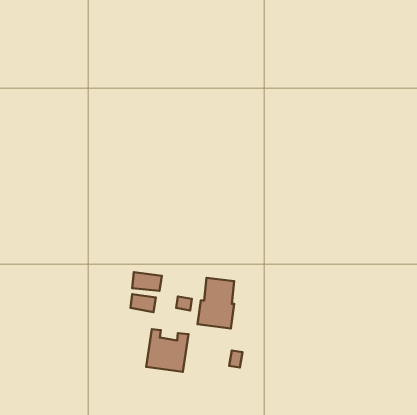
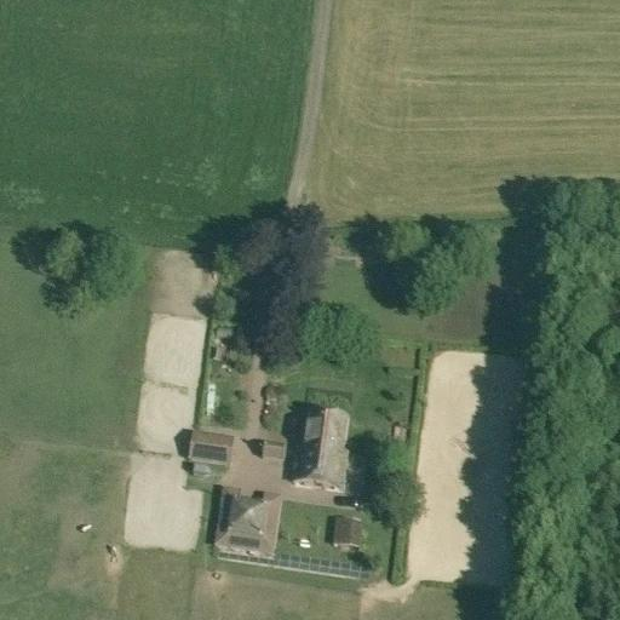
building: [132,272,162,291] -> none

